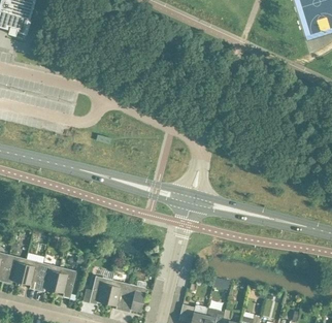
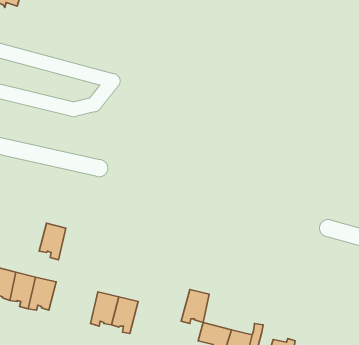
building: [52,267,74,298] -> [39,223,66,260]
building: [120,284,143,313] -> [181,289,209,324]

